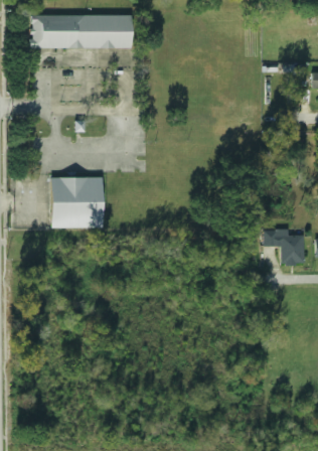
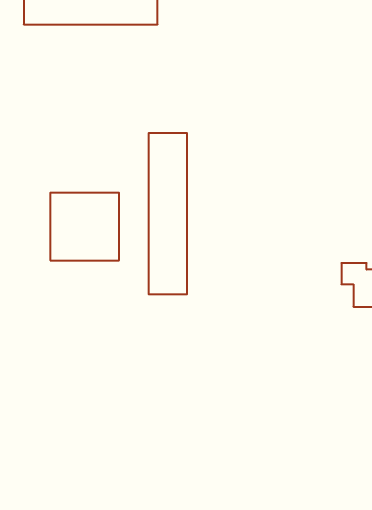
building: none -> [149,133,187,294]

